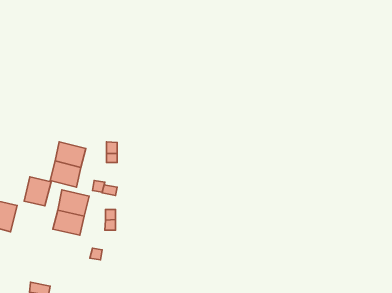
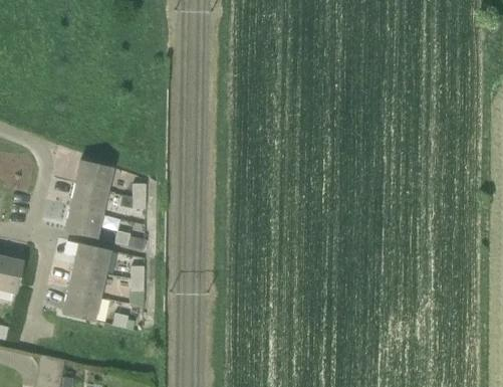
building: none -> [75,160,112,192]
building: [24,177,51,206] -> none
building: none -> [62,291,100,322]

